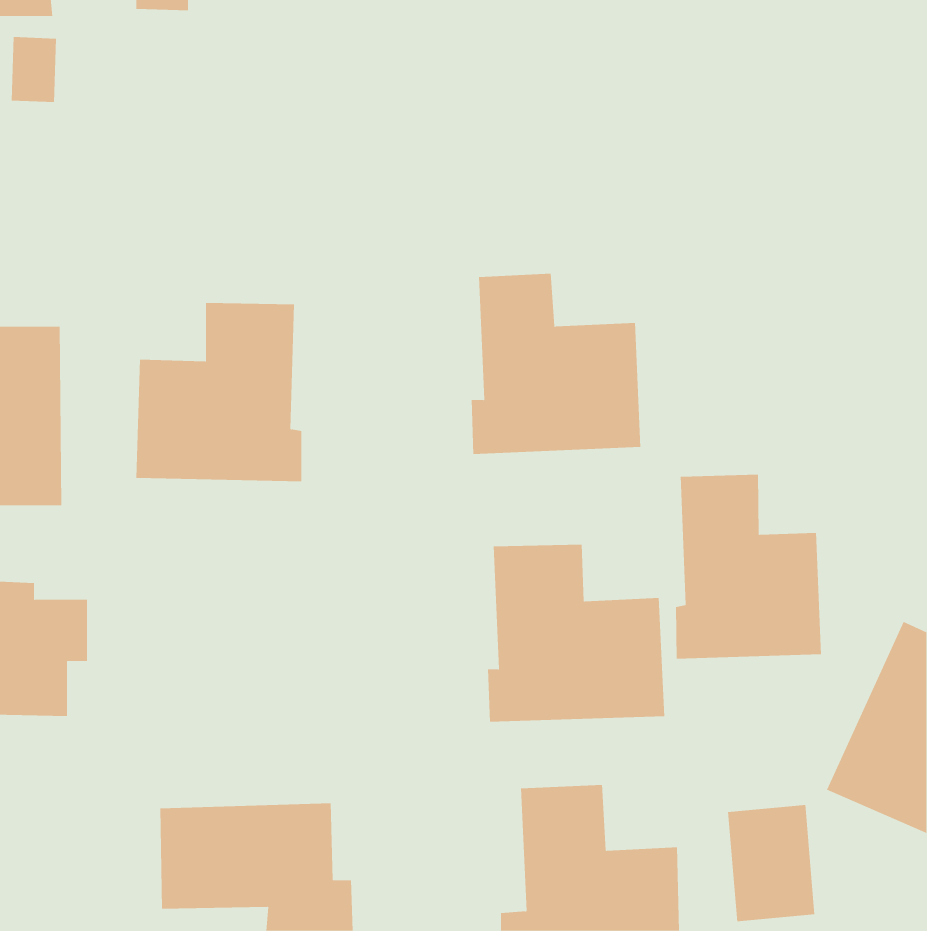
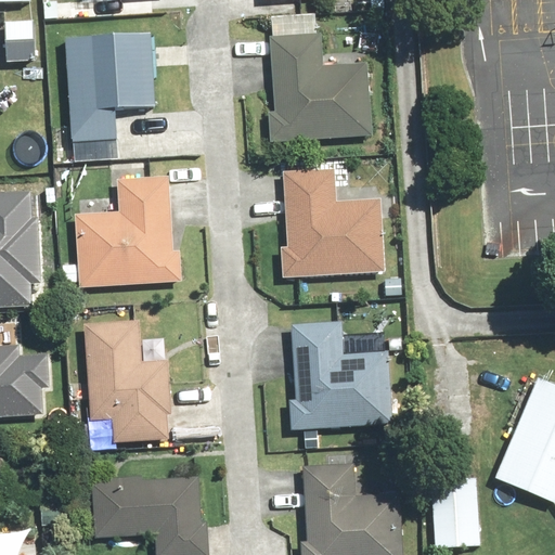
building: none -> [63,33,155,141]
building: none -> [267,37,379,142]
building: [676,474,821,659] -> none
building: none -> [86,322,169,443]

